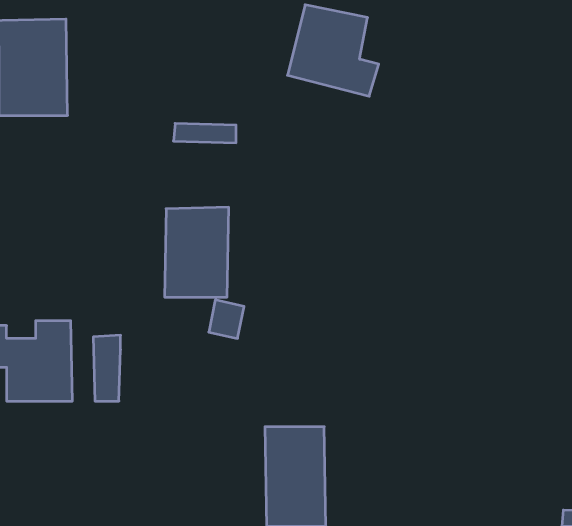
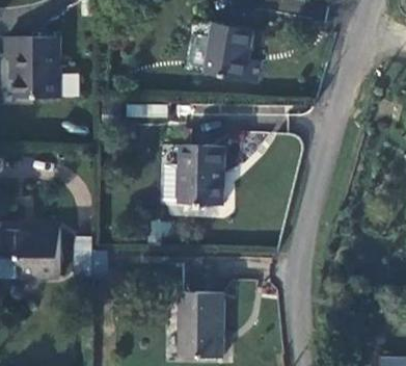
building: [165,207,229,297] -> [180,149,221,207]

